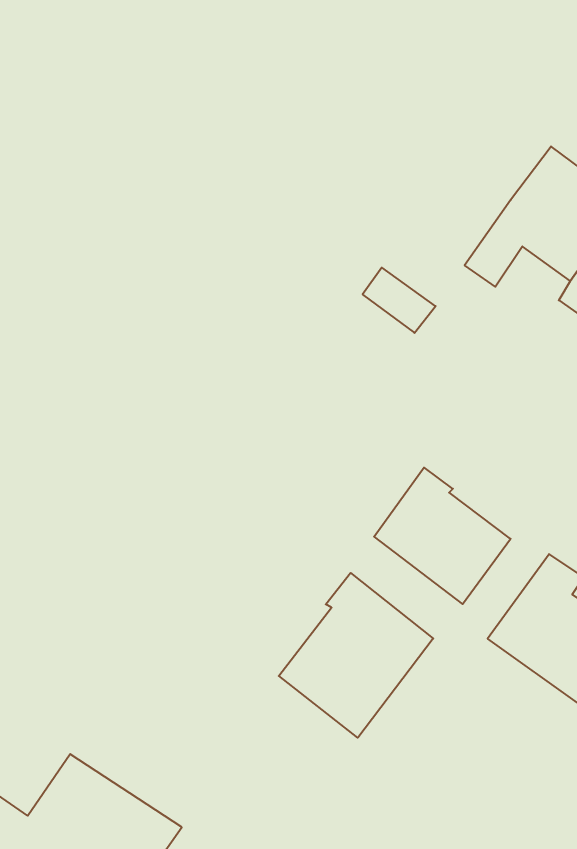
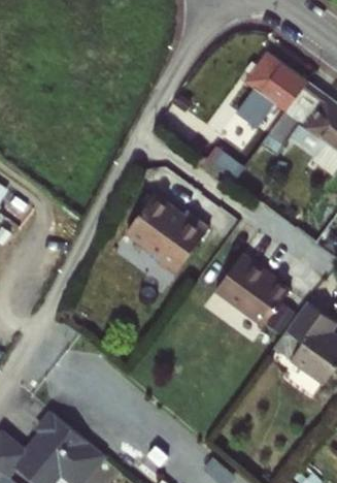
building: none -> [247,55,308,116]
building: none -> [127,198,208,278]
building: [279,573,433,738] -> none

